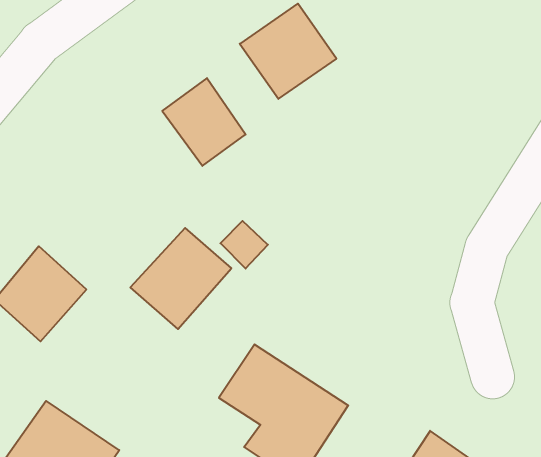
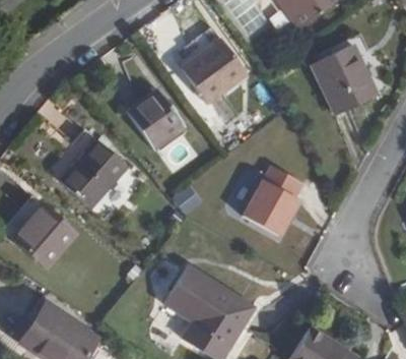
building: none -> [314,43,380,112]
building: none -> [244,168,301,238]
building: [130,228,231,329] -> [58,137,127,206]

